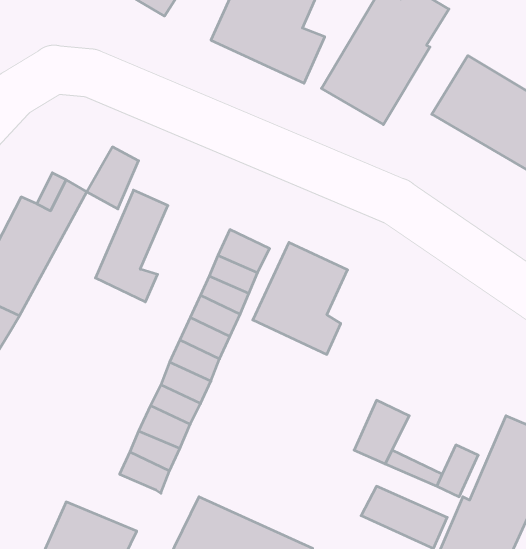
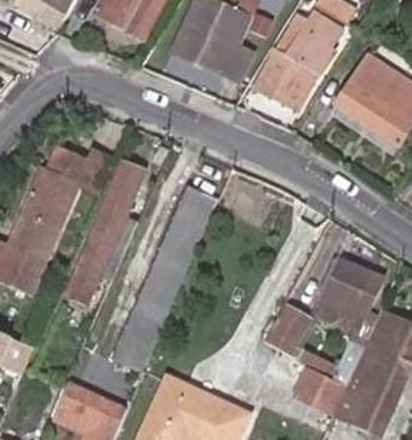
building: [253,242,348,354] -> [310,255,377,333]
building: none -> [68,222,130,297]

